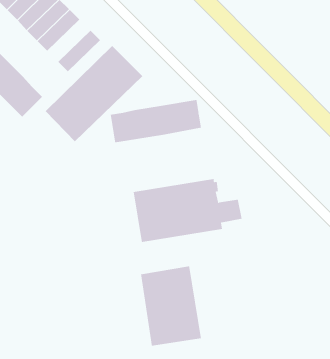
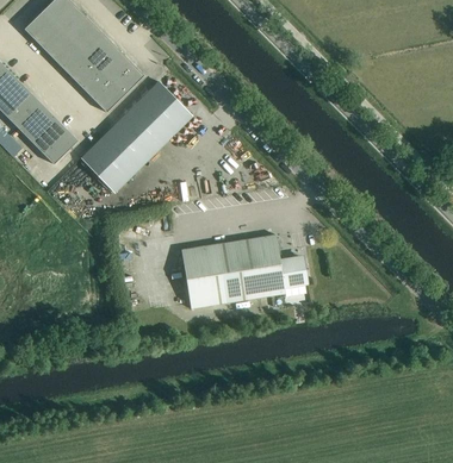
building: none -> [82,51,132,100]
building: [110,99,201,143] -> none
building: [140,266,201,347] -> none

